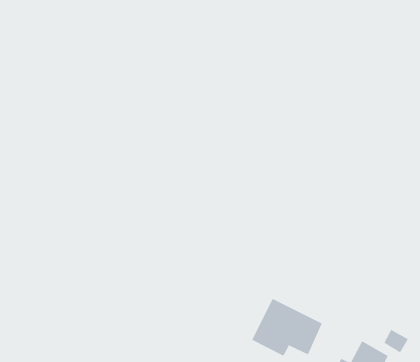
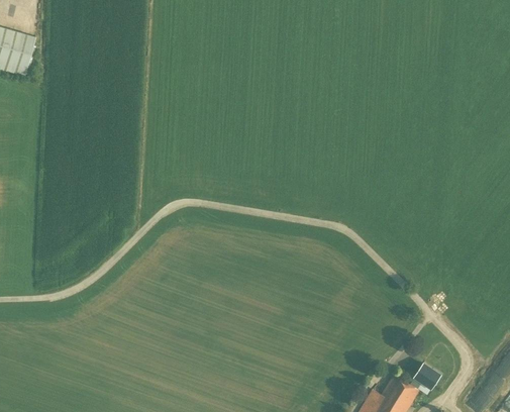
building: [252,298,322,357] -> none

